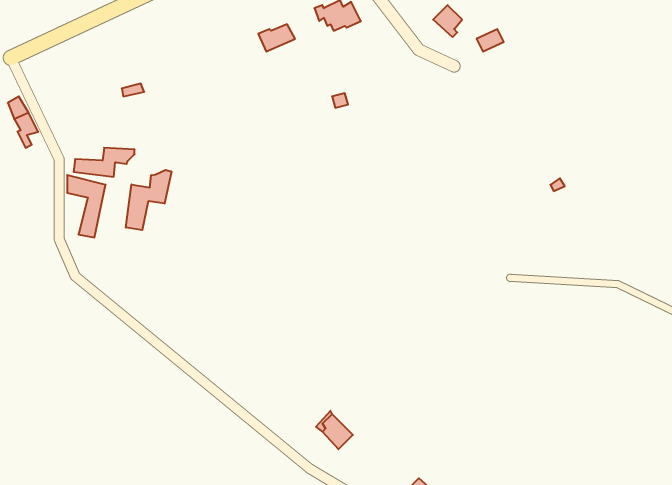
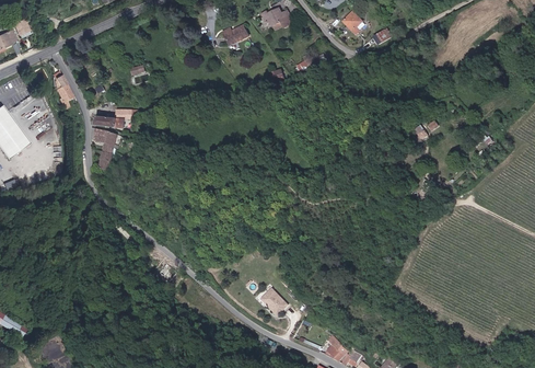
building: [126,170,171,230] -> none

